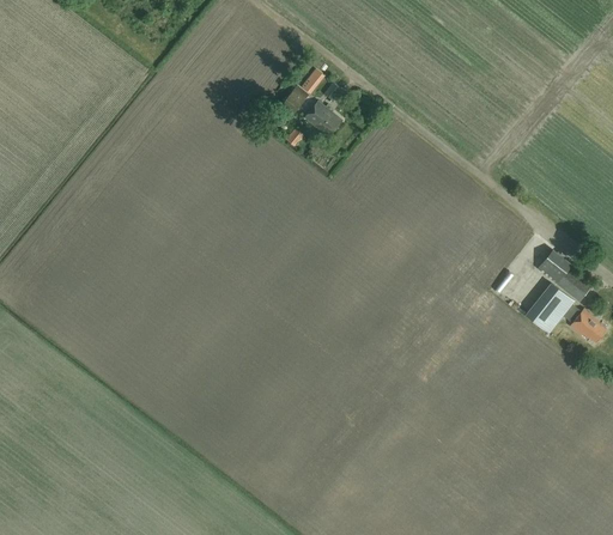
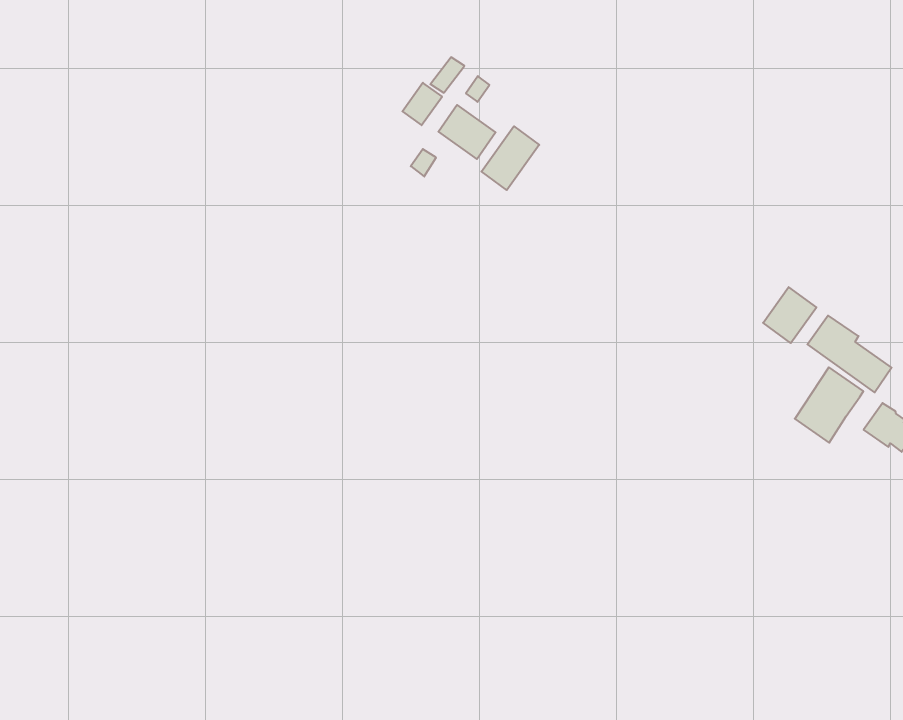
building: none -> [481,126,539,190]
building: none -> [763,287,816,343]

